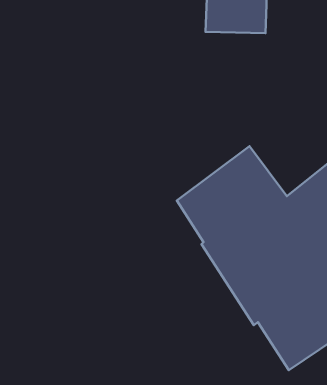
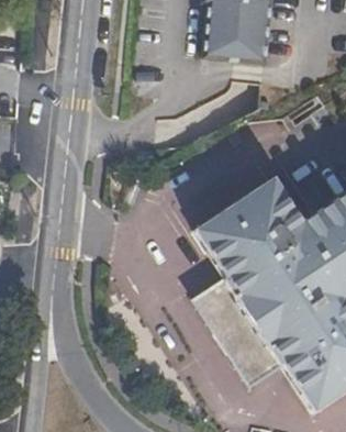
building: none -> [183,273,268,376]

